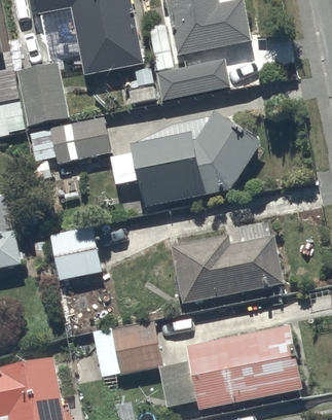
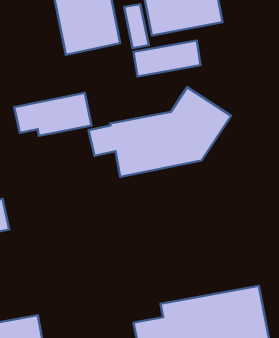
building: [17,62,70,127] -> none
building: [170,221,282,303] -> none
building: [48,224,100,280] -> none
building: [90,319,160,377] -> none

